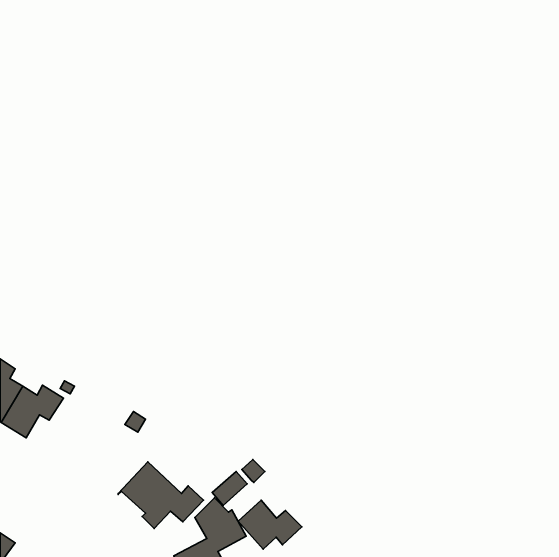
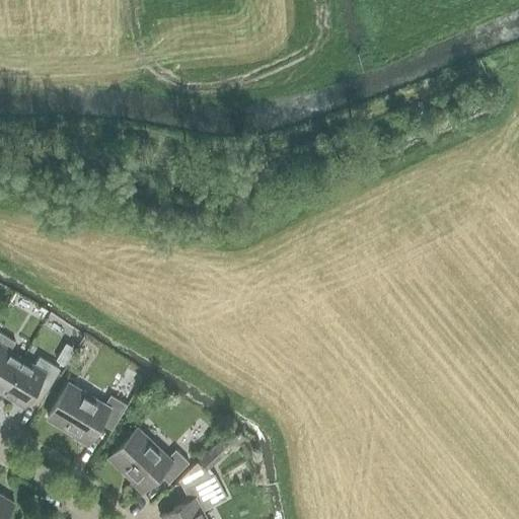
building: none -> [48,384,126,444]
building: [238,500,302,549] -> none

